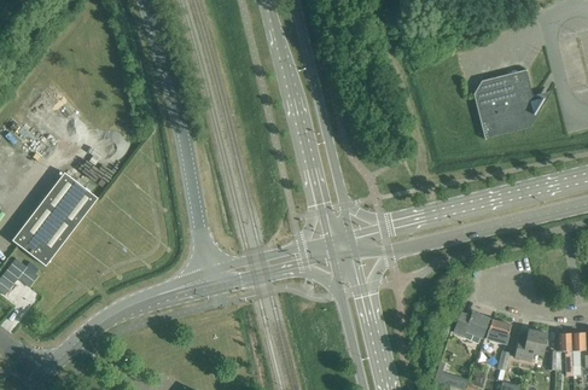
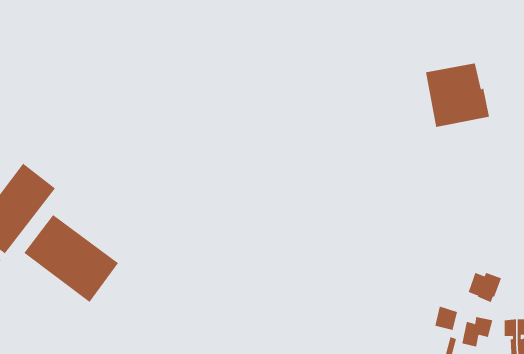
building: none -> [24,214,119,303]
building: [454,312,489,343] -> [468,272,502,303]

